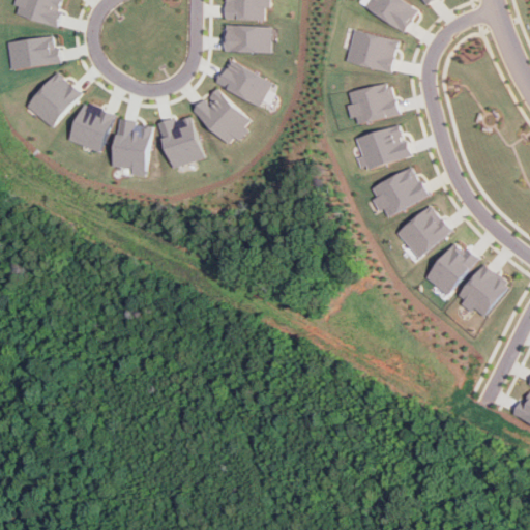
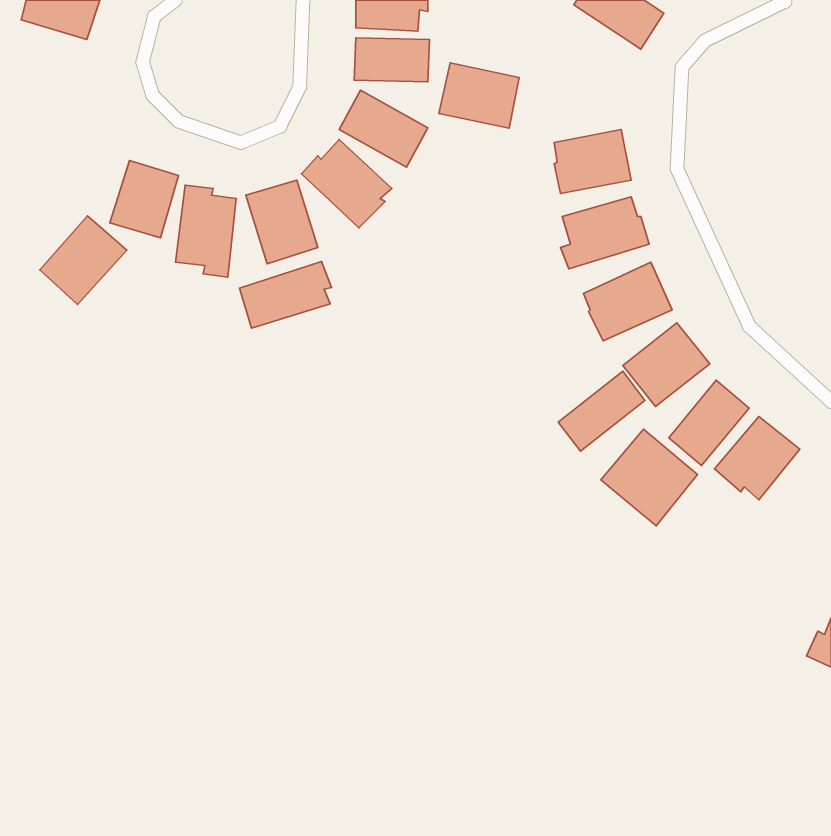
building: [349,30,400,71] -> [439,63,519,128]
building: [7,34,59,70] -> none
building: [27,71,82,127] -> [40,216,127,304]
building: none -> [239,261,331,328]
building: none -> [558,371,645,451]
building: none -> [601,429,697,526]

